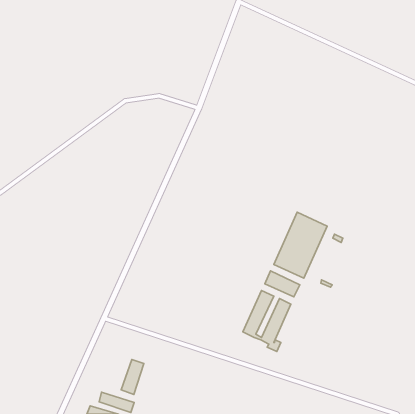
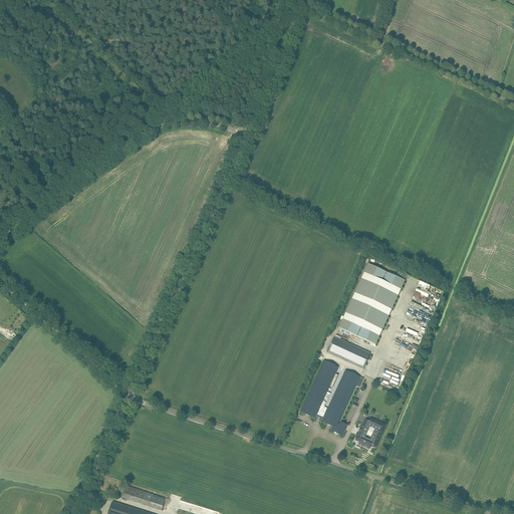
building: none -> [357,417,384,447]
building: [121,359,144,394] -> none

